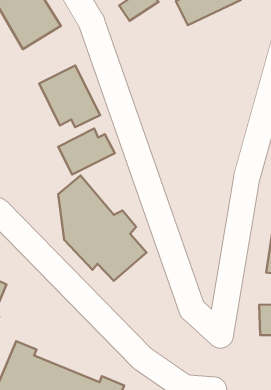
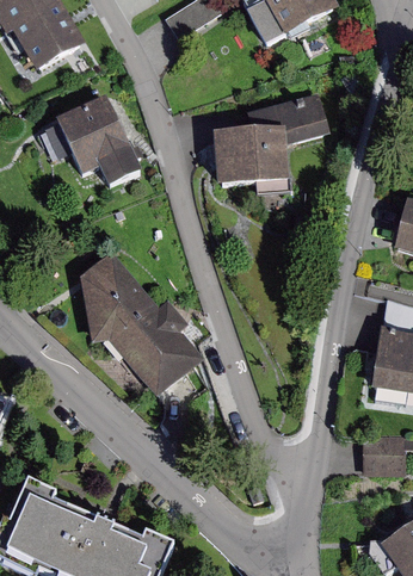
building: none -> [214,85,331,179]
building: [58,129,115,174] -> none

